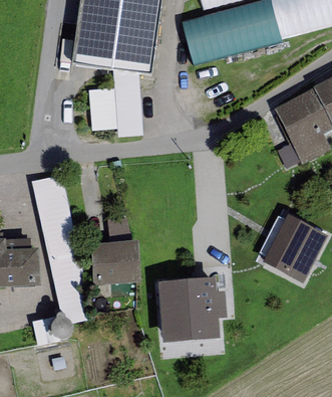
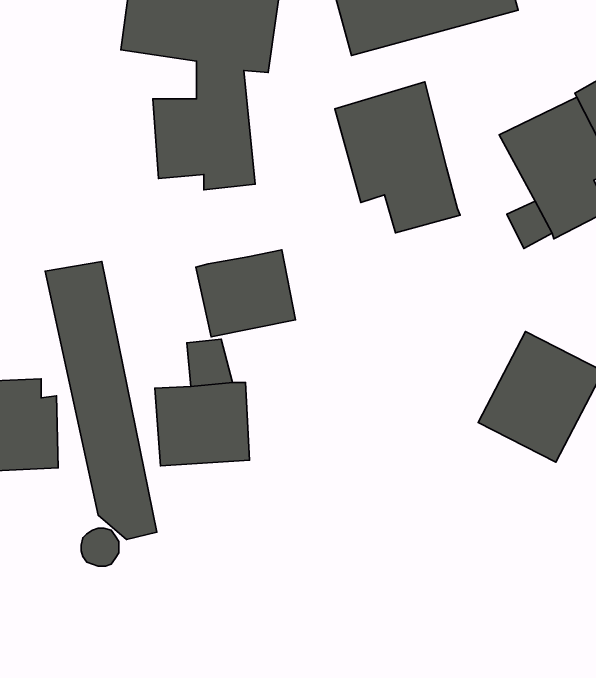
building: none -> [335,82,460,233]
building: none -> [196,250,295,337]
building: [157,275,226,341] -> none

